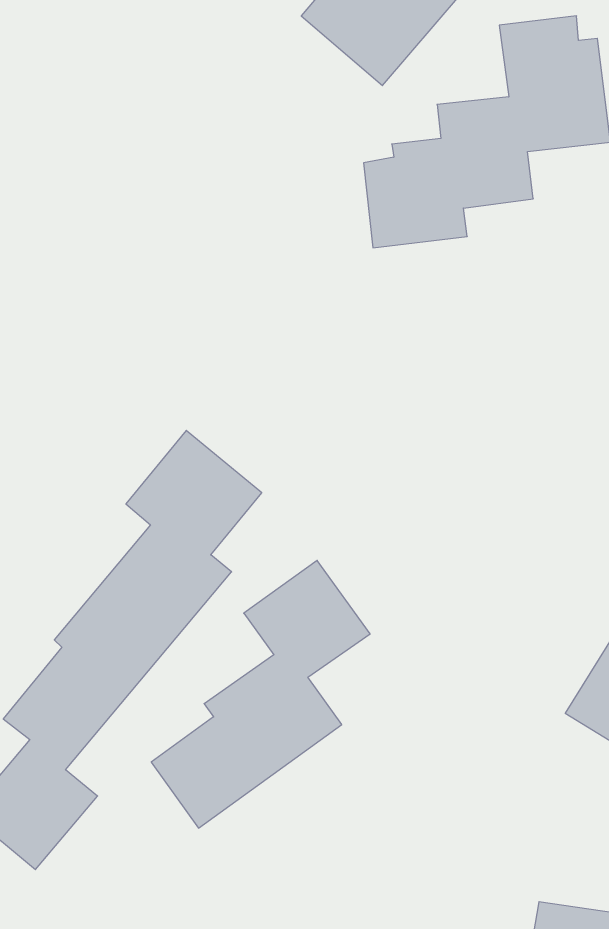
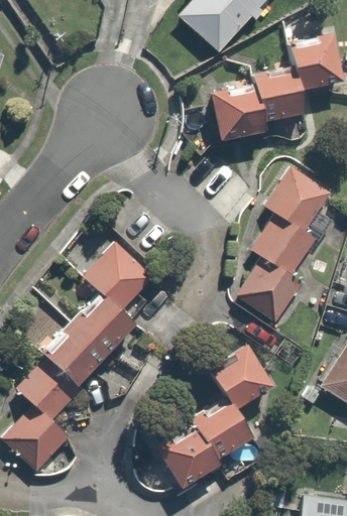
building: none -> [238,166,328,322]
building: [151,560,370,828] -> [153,345,270,488]

